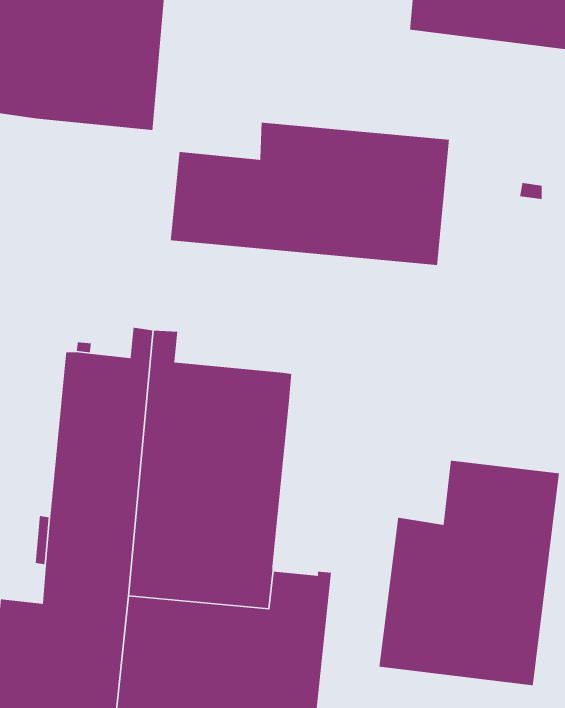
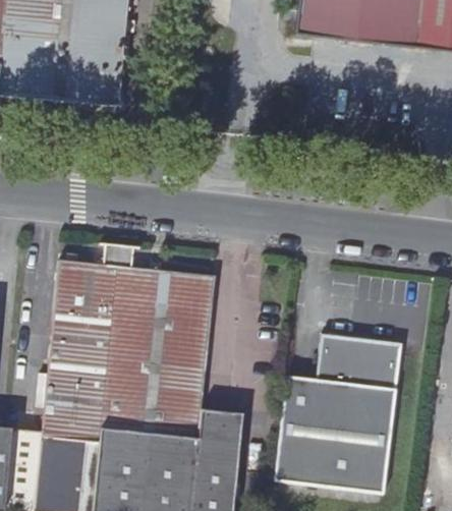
building: [170,122,450,266] -> none

